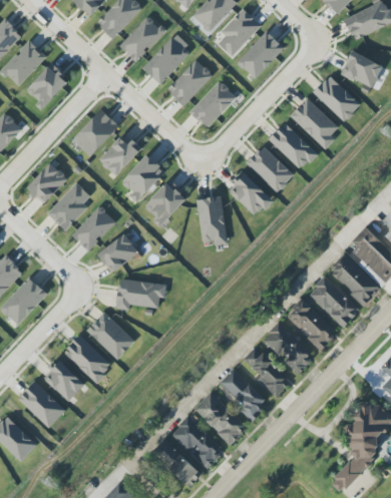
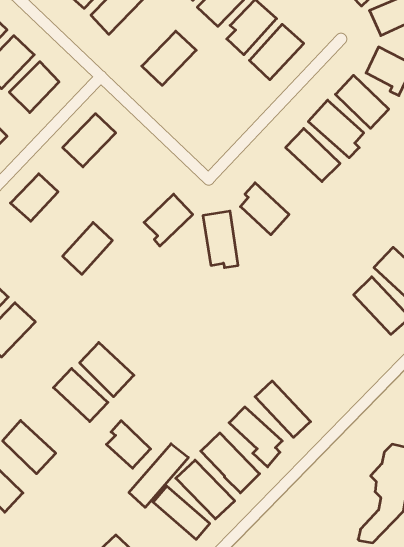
building: [119,14,165,62] -> none
building: [166,58,213,106] -> none
building: [188,80,236,127] -> none
building: [98,136,141,176] -> none
building: [246,145,294,192] -> none
building: [120,154,165,202] -> none
building: [46,182,89,230] -> none
building: [97,233,138,274] -> none
building: [308,277,360,328] -> none
building: [114,279,165,310] -> none
building: [286,300,337,349] -> none
building: [262,322,314,373] -> none
building: [45,359,84,401] -> [106,421,151,468]
building: none -> [129,444,188,507]

